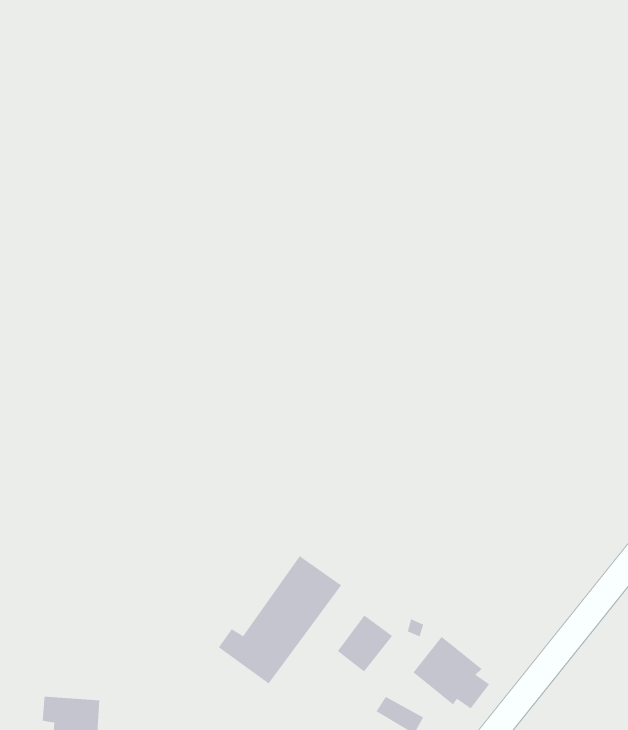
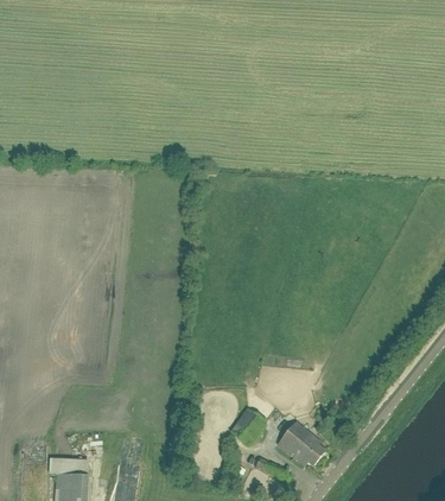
building: [218,555,342,685] -> none

